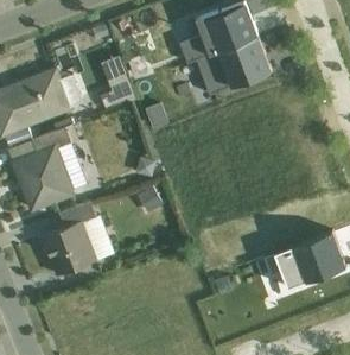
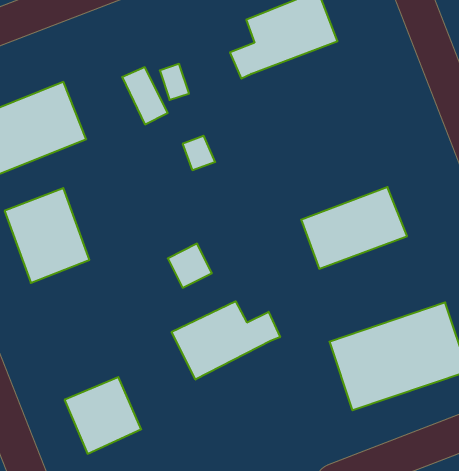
building: [192,34,269,94] -> [301,187,407,269]
building: [42,218,97,274] -> [65,377,141,454]
building: none -> [172,301,280,380]

